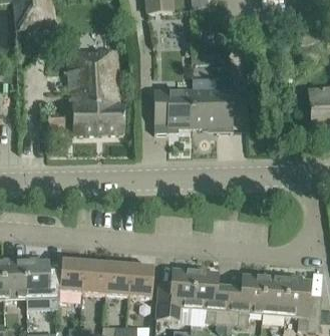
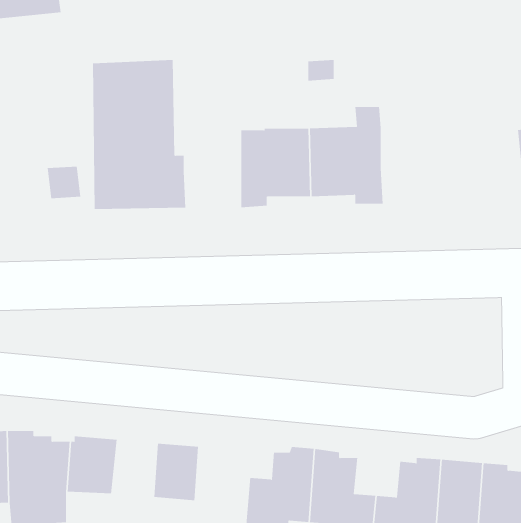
building: [82,262,107,294] -> none
building: [128,266,153,298] -> none

